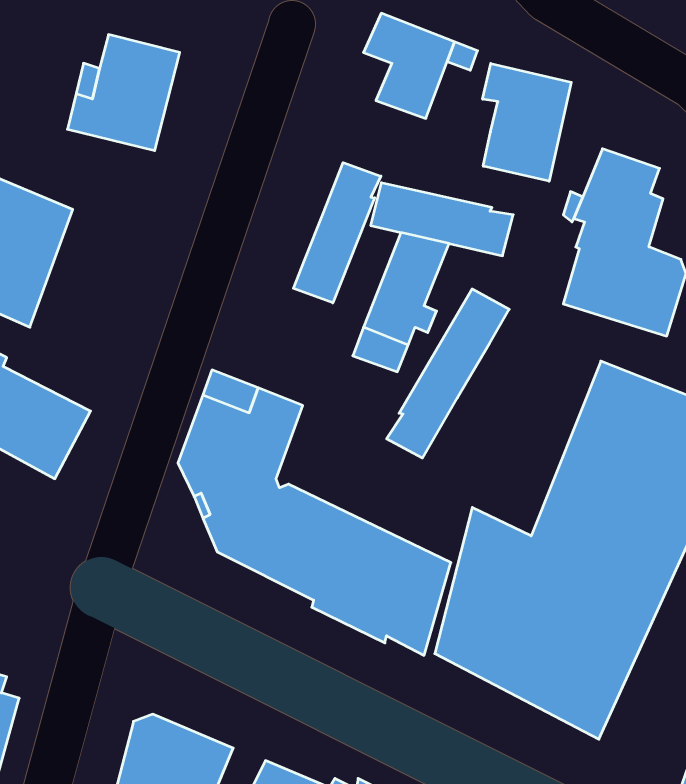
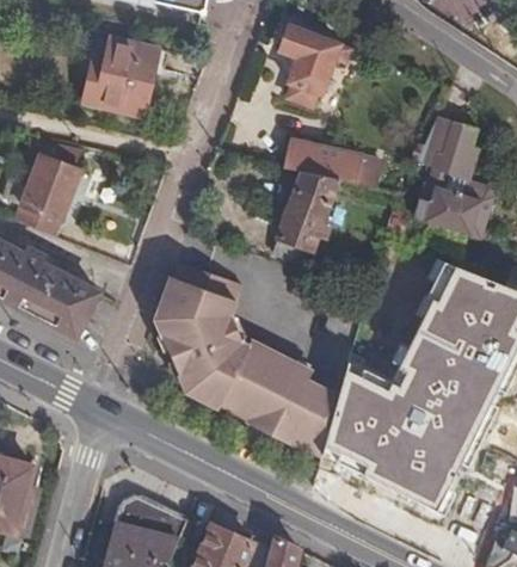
building: [483,63,571,181] -> none
building: [293,163,381,303] -> none
building: [387,289,509,458] -> none

